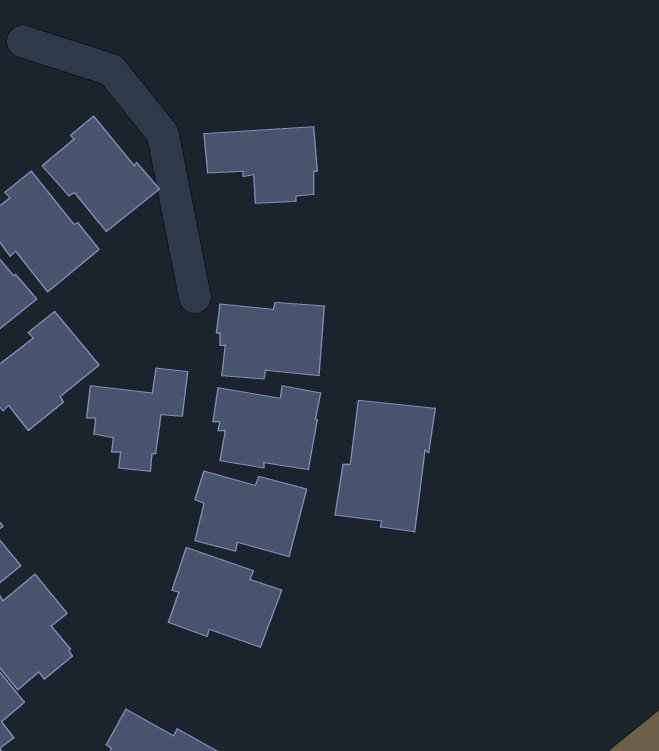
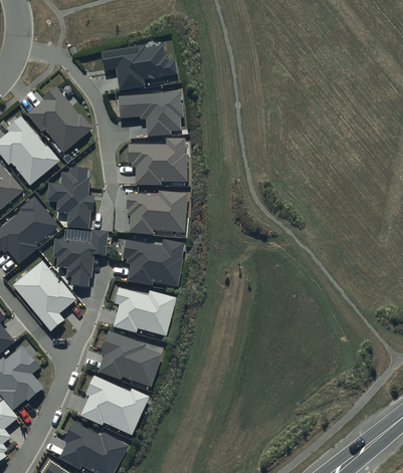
building: none -> [100,44,175,89]
building: none -> [128,138,186,184]
building: none -> [47,167,93,227]
building: [335,400,435,532] -> none
building: none -> [10,259,79,333]
building: none -> [79,375,149,434]

